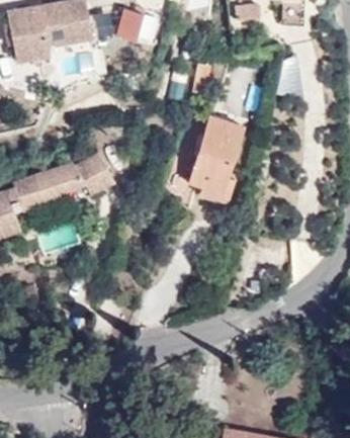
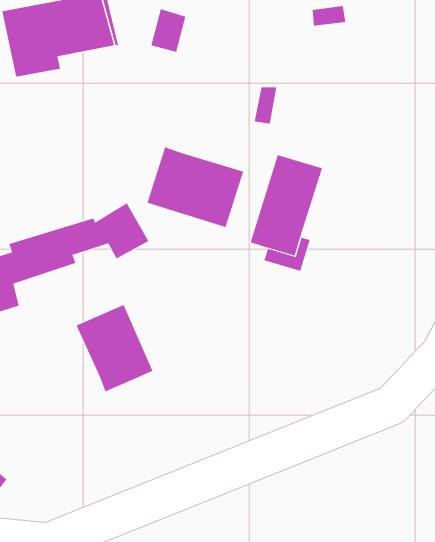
building: none -> [147,146,244,228]
building: none -> [76,304,153,392]

